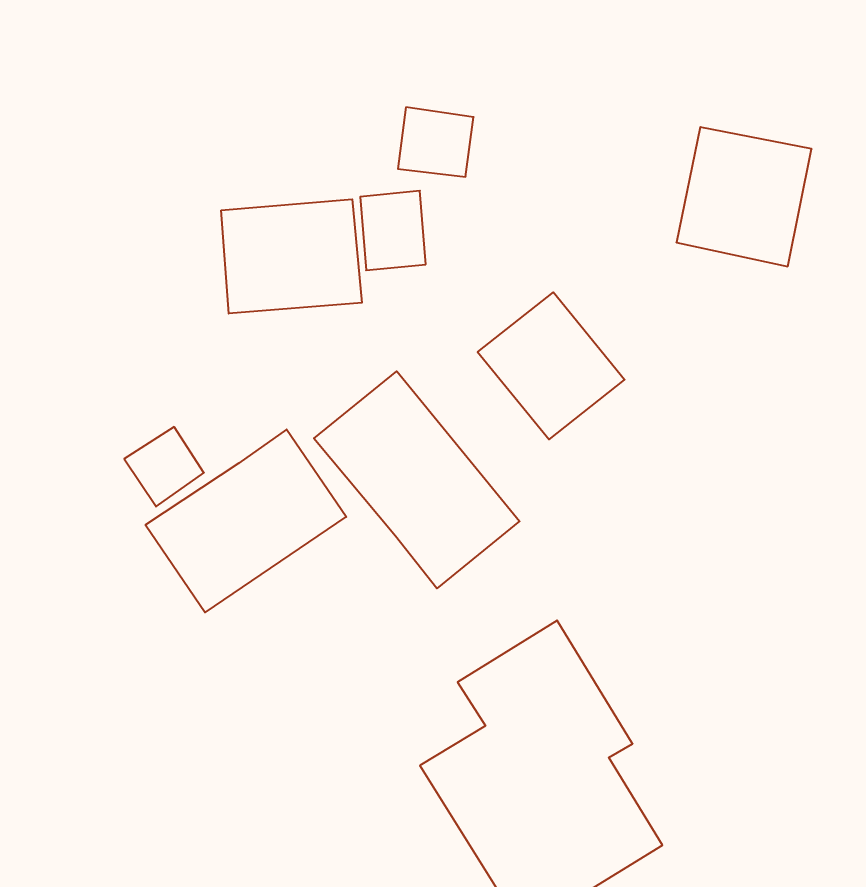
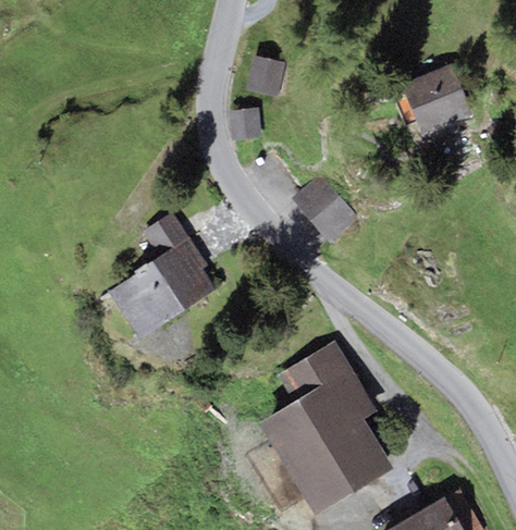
building: [221,199,362,314] -> none
building: [314,371,520,588] -> none
building: [124,427,204,507] -> [143,213,186,257]

